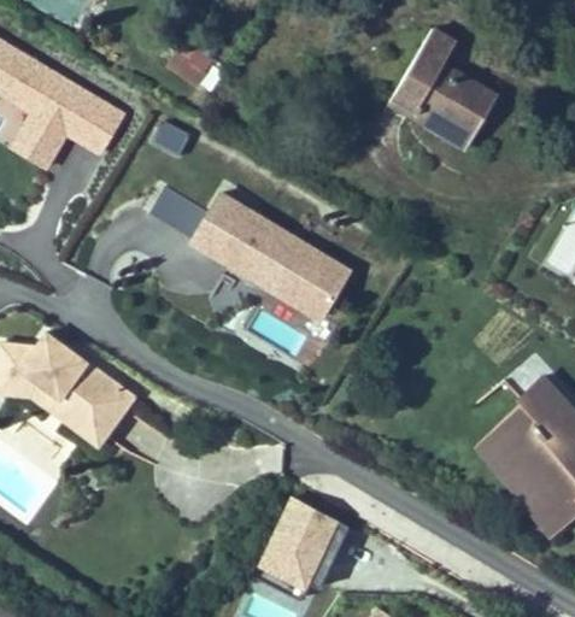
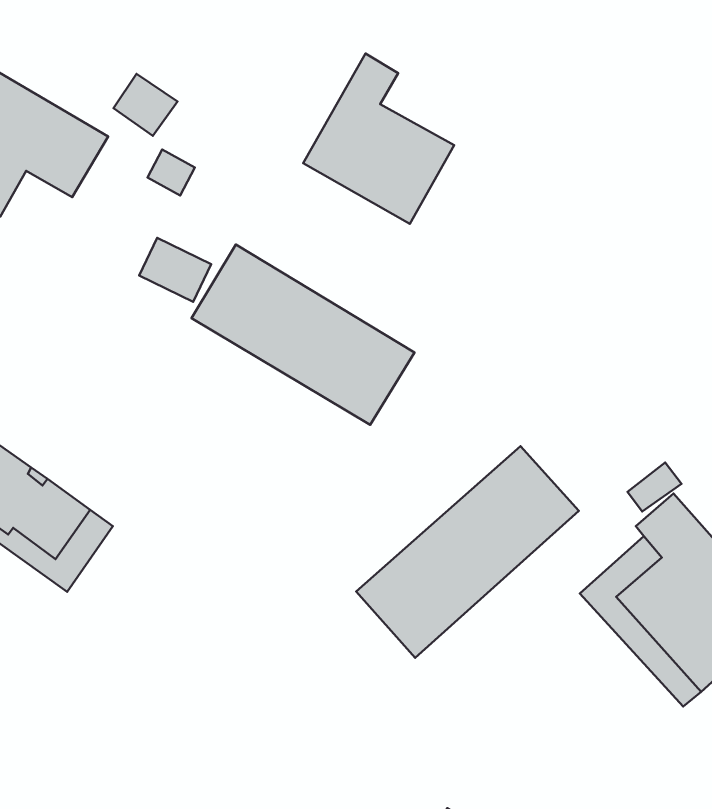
building: [387,27,498,152] -> [303,53,454,224]
building: [168,41,215,87] -> [113,74,177,136]
building: none -> [356,446,579,658]
building: [254,498,350,600] -> none

